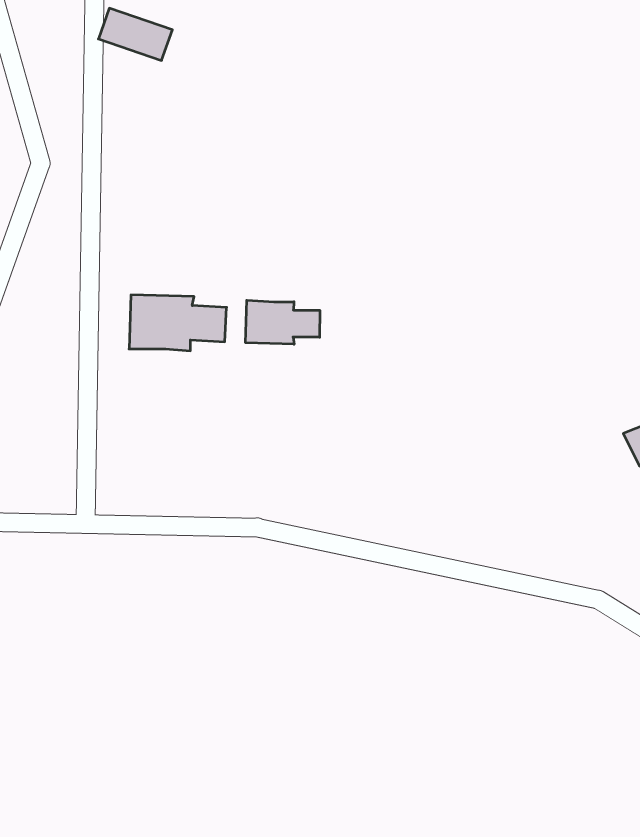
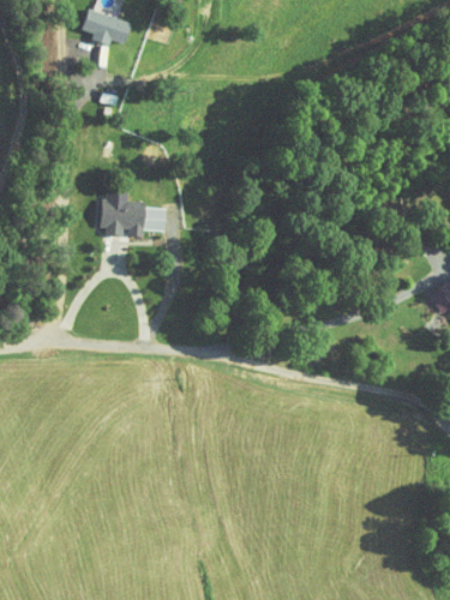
building: [246,300,320,344] -> none

